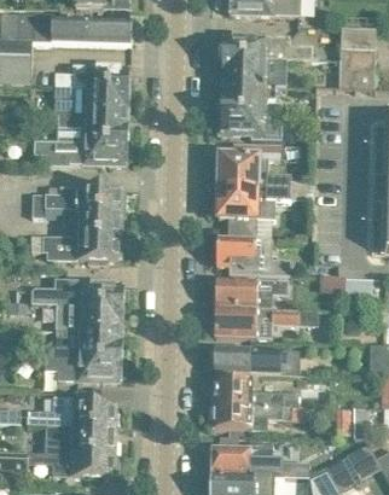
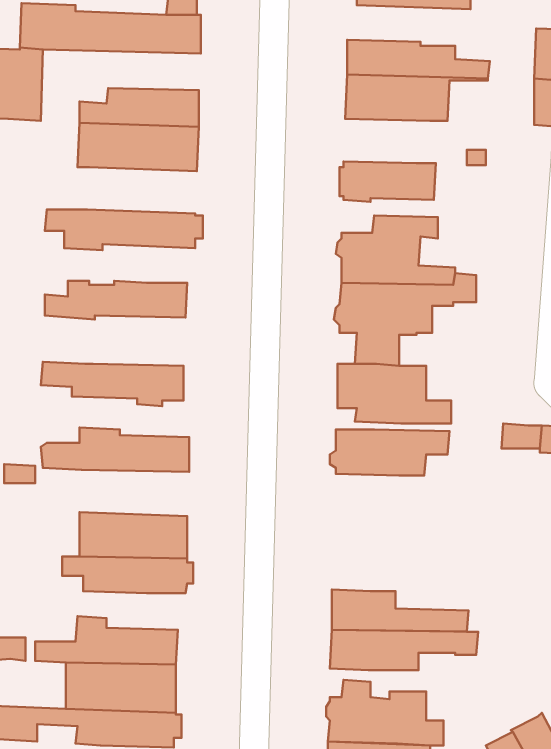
building: [220,85,274,112] -> none
building: [59,115,128,144] -> none
building: [31,208,121,239] -> none
building: [54,304,123,333] -> none
building: [210,307,298,338] -> none
building: [213,346,291,374] -> none

